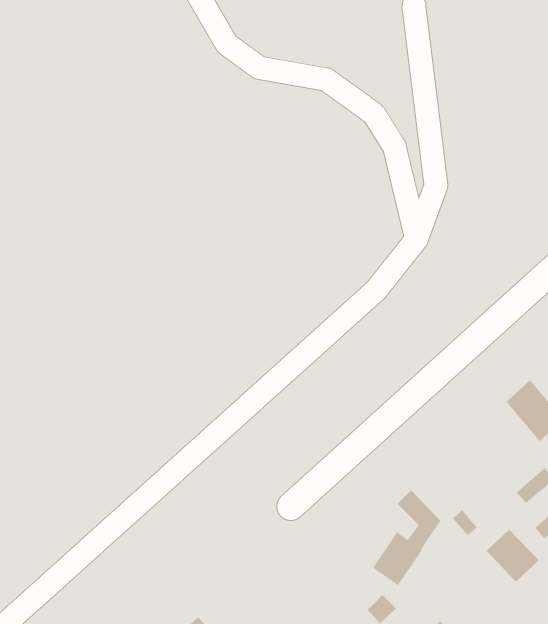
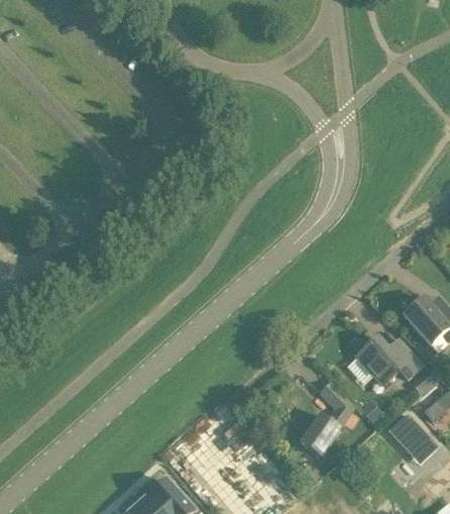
building: none -> [355,337,422,386]

